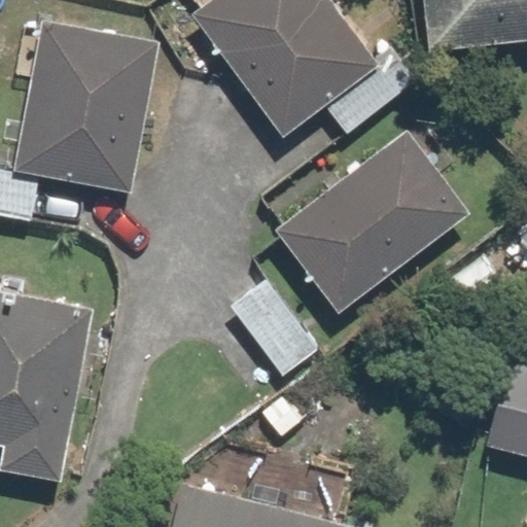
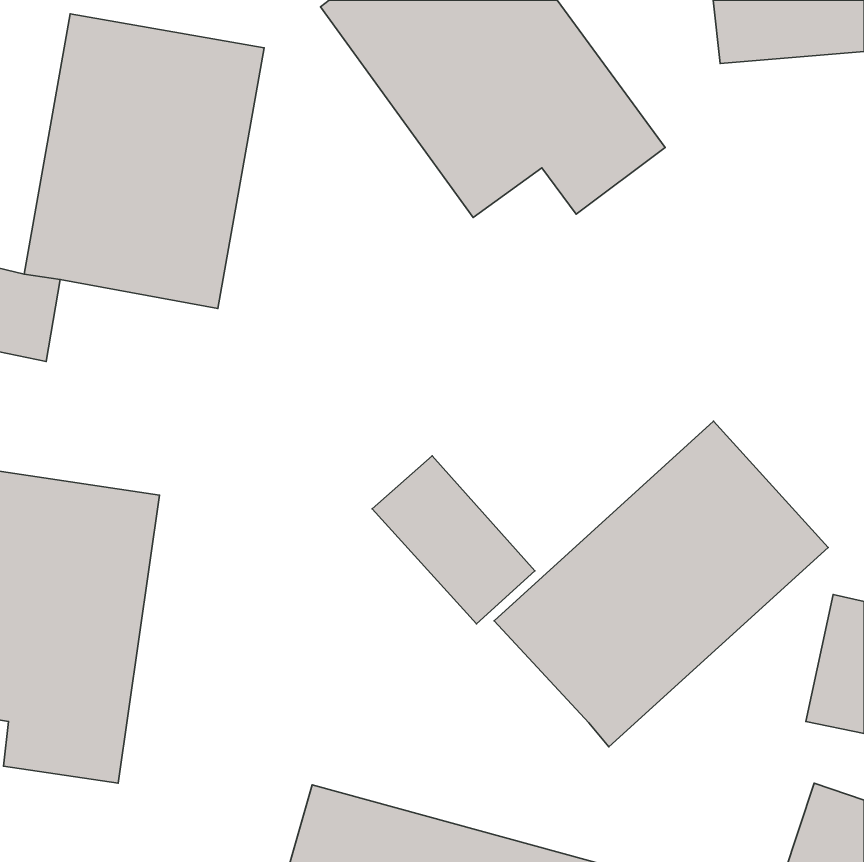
building: [264,127,468,314] -> none
building: none -> [494,421,828,747]

